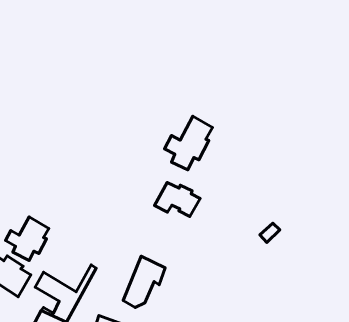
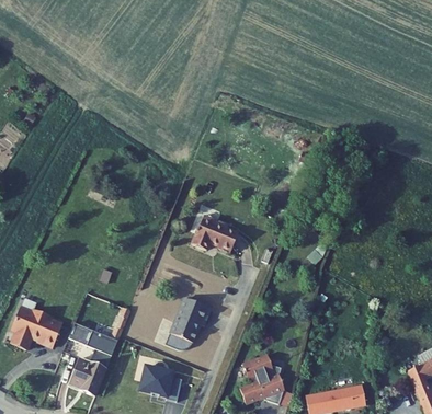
building: [165,116,212,170] -> none
building: [5,217,49,261] -> none

